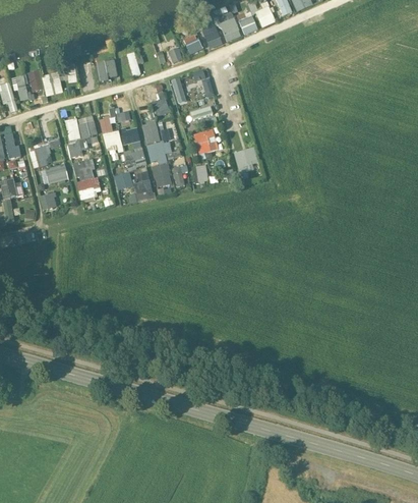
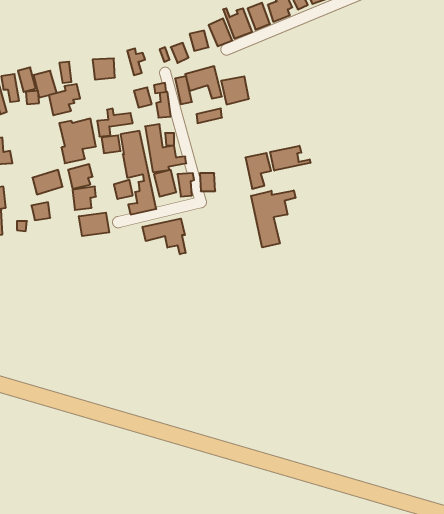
building: [193,128,219,154] -> [221,76,249,104]
building: [34,137,62,166] -> [49,84,80,115]
building: none -> [270,146,310,171]
building: none -> [251,190,295,247]
building: none -> [79,213,109,236]
building: none -> [143,219,186,254]

